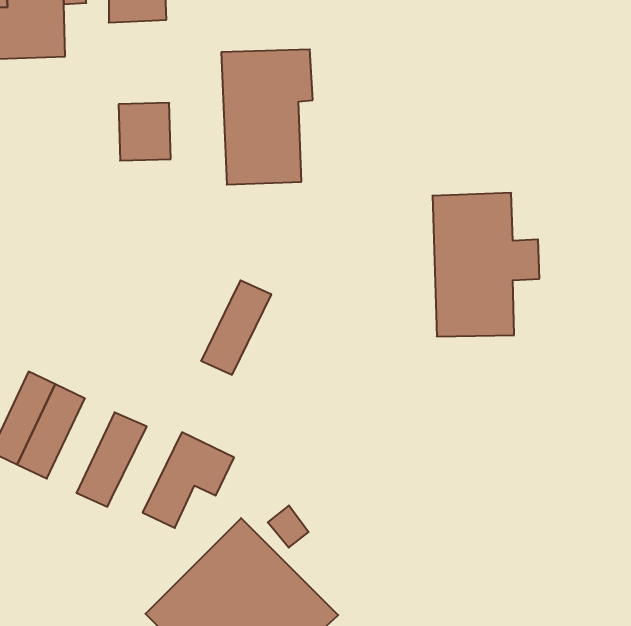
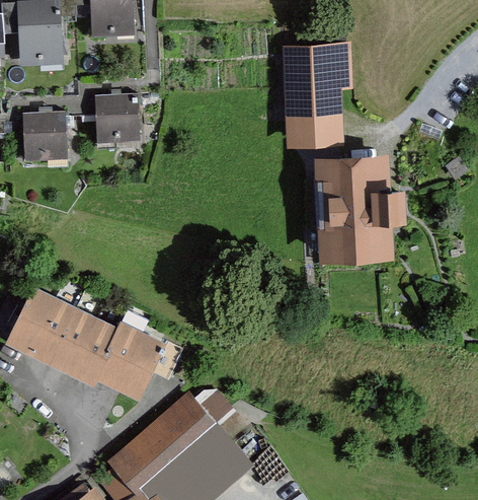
building: [221,49,313,185] -> [285,49,350,146]
building: none -> [24,113,63,155]
building: [201,280,271,375] -> [92,322,143,389]
building: none -> [46,307,94,375]

